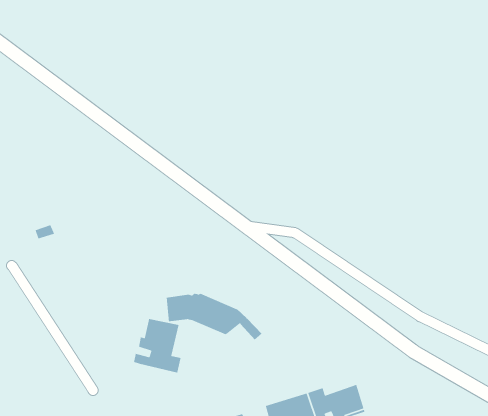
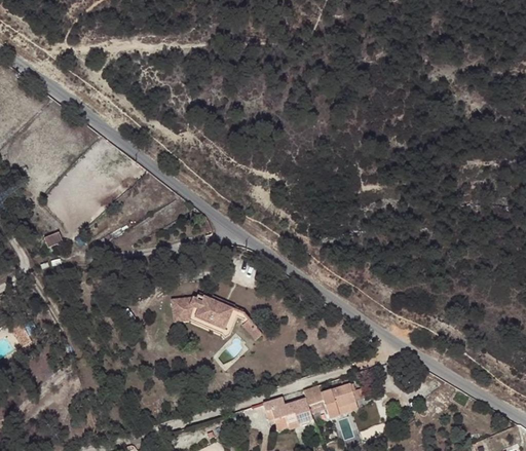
building: [133,318,181,374] -> none

